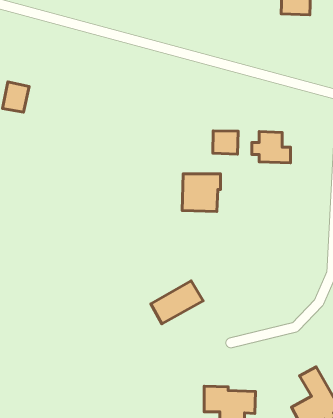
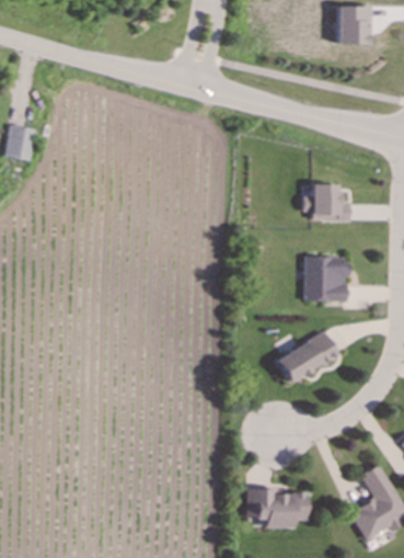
building: [213,131,238,154] -> none
building: [182,174,221,211] -> [304,258,350,303]
building: [151,281,203,324] -> [277,332,339,384]

